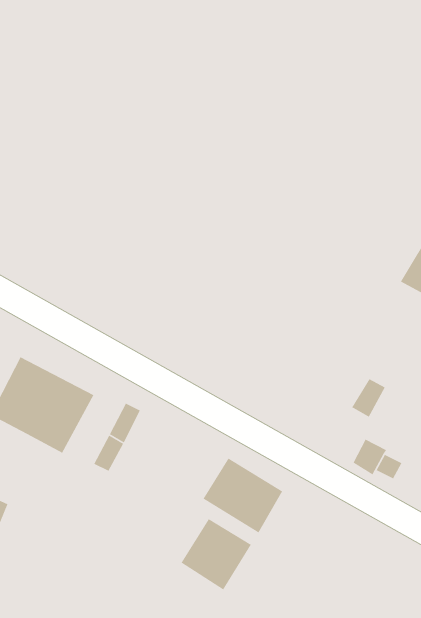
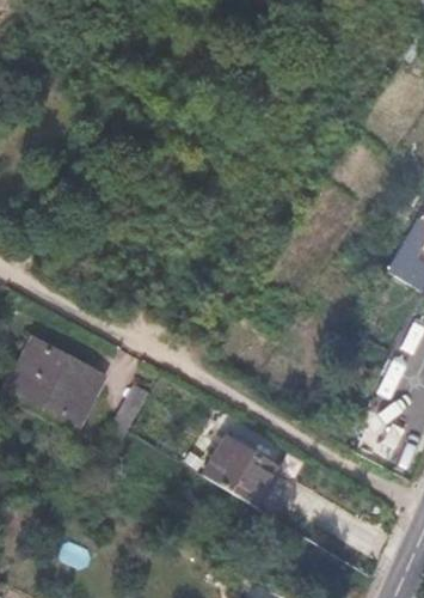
building: [181,518,252,591] -> none

